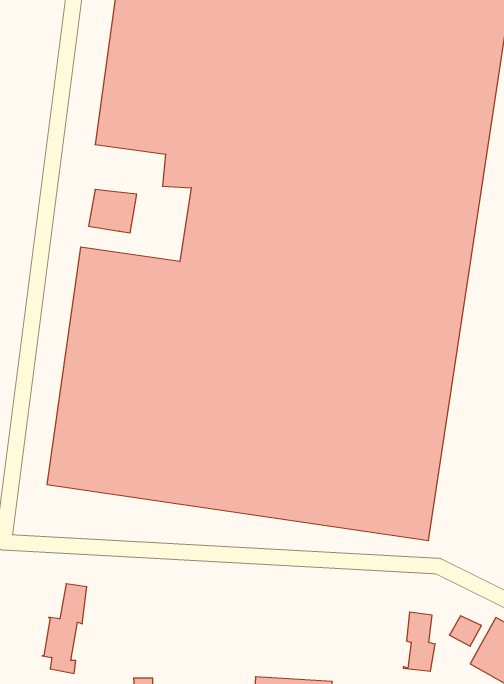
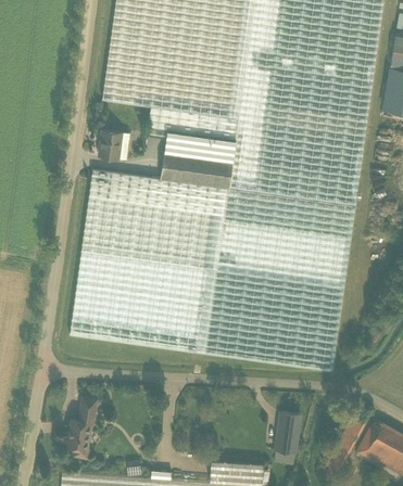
building: [403,612,435,671] -> [276,412,298,452]

